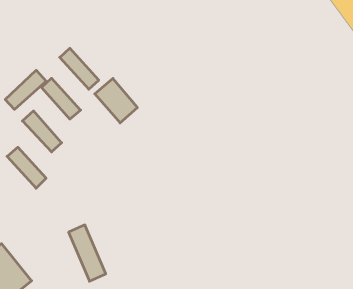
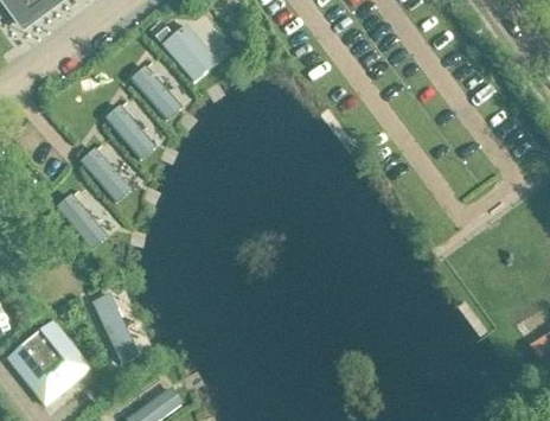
building: [5,70,46,109] -> none
building: [95,78,137,123] -> [158,23,213,81]
building: [69,225,106,281] -> [97,289,146,363]

